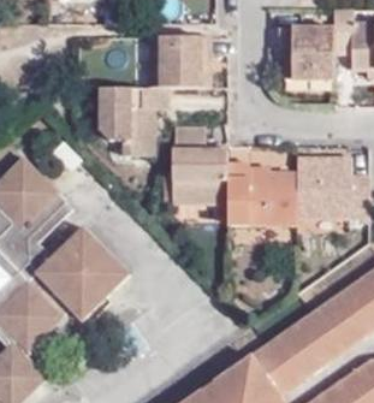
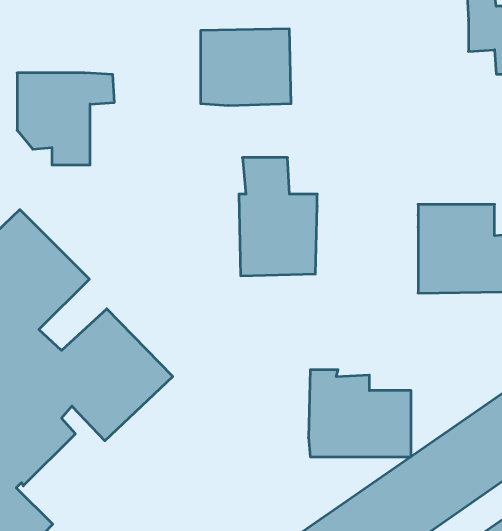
building: [275,26,331,77] -> none
building: [99,84,166,148] -> [17,73,114,165]
building: [225,155,296,215] -> [308,370,411,457]

